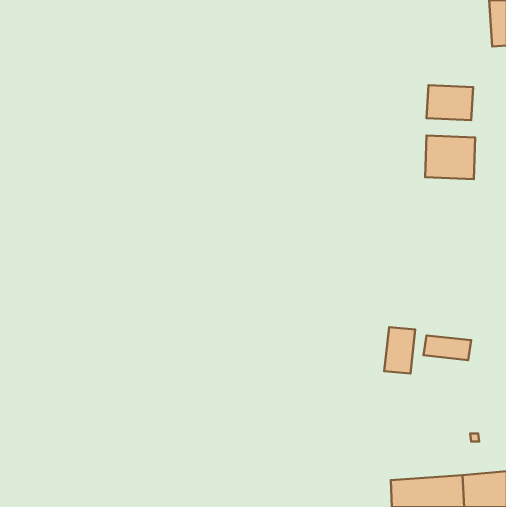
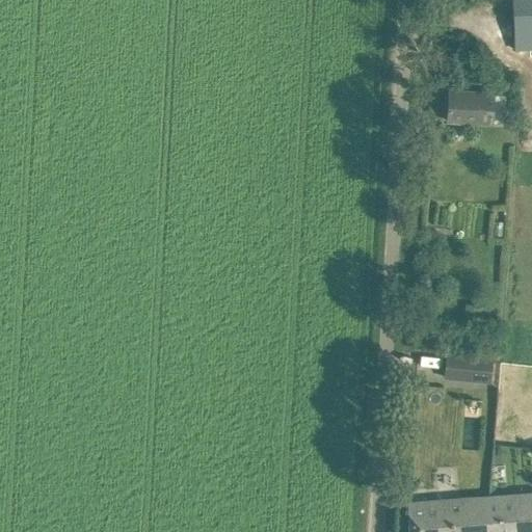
building: [425,135,475,179] -> none
building: [384,327,415,374] -> none

